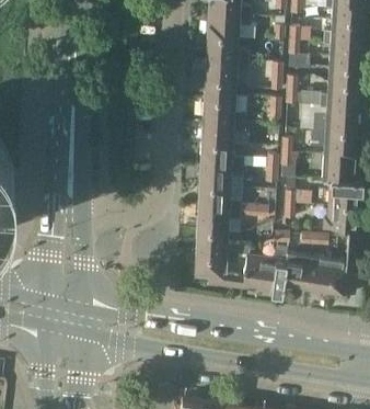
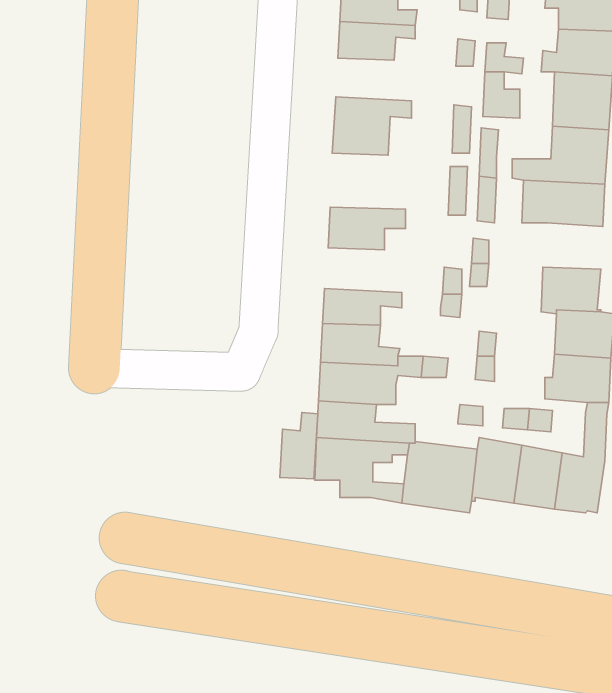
building: [207,35,251,59] -> none
building: [204,89,247,121] -> none
building: [324,128,358,155] -> none
building: [200,143,245,168] -> none
building: none -> [280,412,318,479]

